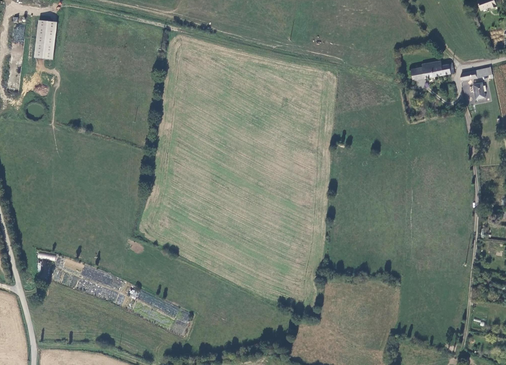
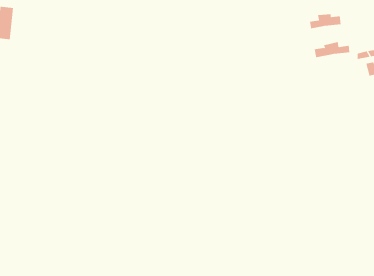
building: none -> [309,14,341,29]

